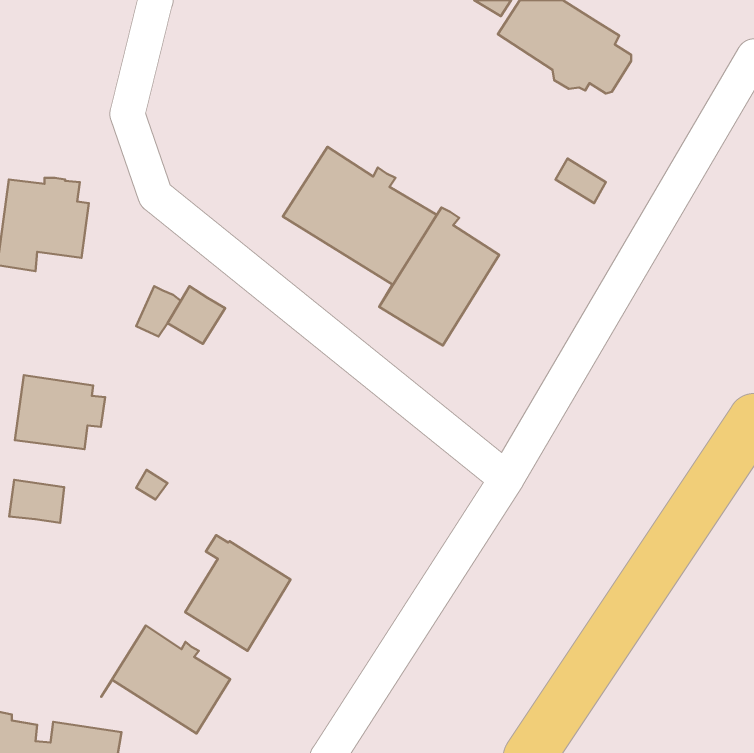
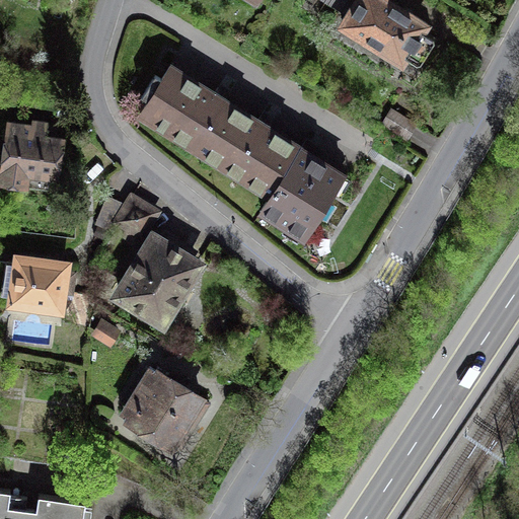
building: none -> [139,68,227,151]
building: none -> [118,236,195,322]
building: [9,480,64,523] -> none
building: [101,626,230,734] -> none

